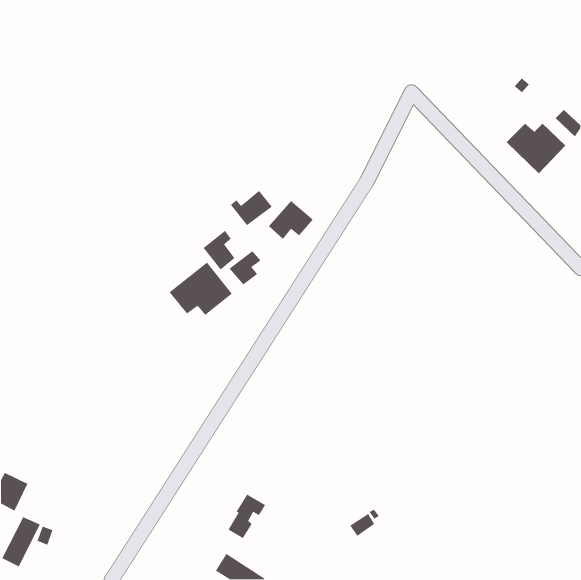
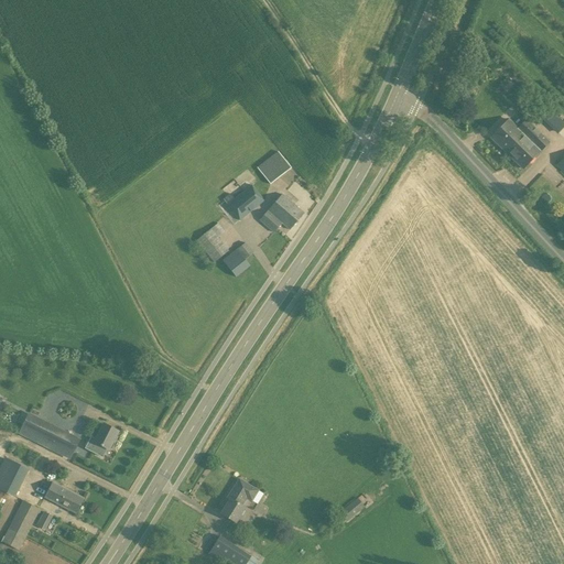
building: none -> [256,150,290,183]
building: [169,261,233,316] -> none
building: none -> [22,415,78,457]
building: none -> [85,424,117,456]
building: none -> [45,481,83,512]

